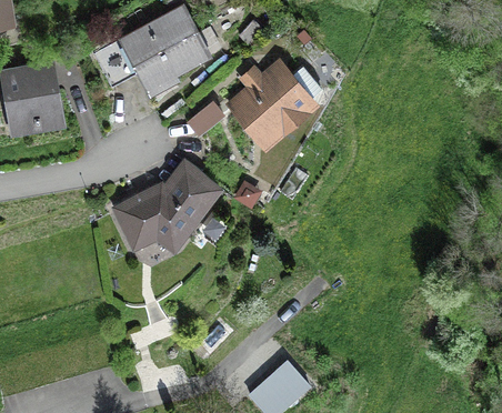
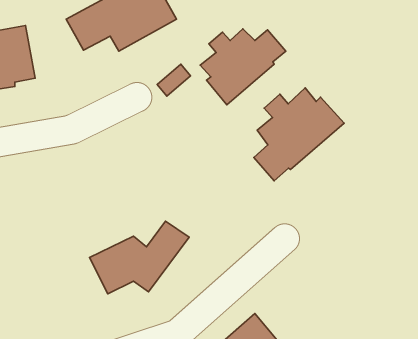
building: none -> [254,88,344,181]
building: [116,170,219,245] -> [90,221,189,294]

